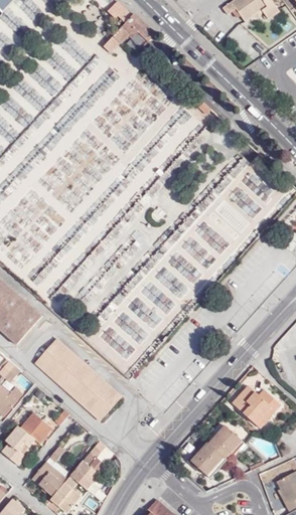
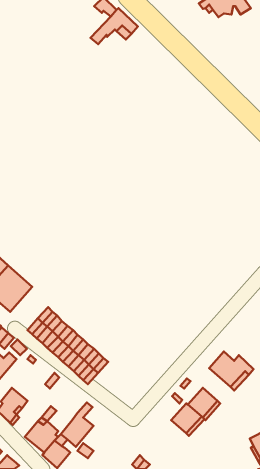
building: [19,411,52,443] -> none

